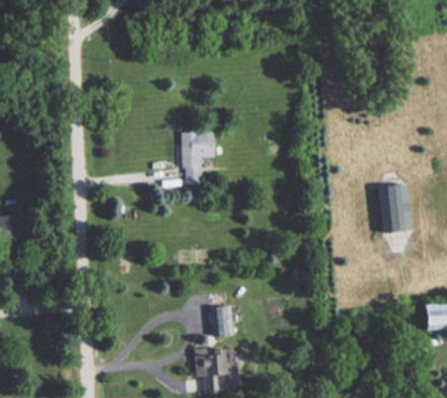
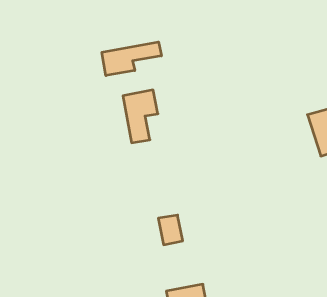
building: none -> [102,42,161,76]
building: [212,307,234,336] -> [158,215,183,245]

